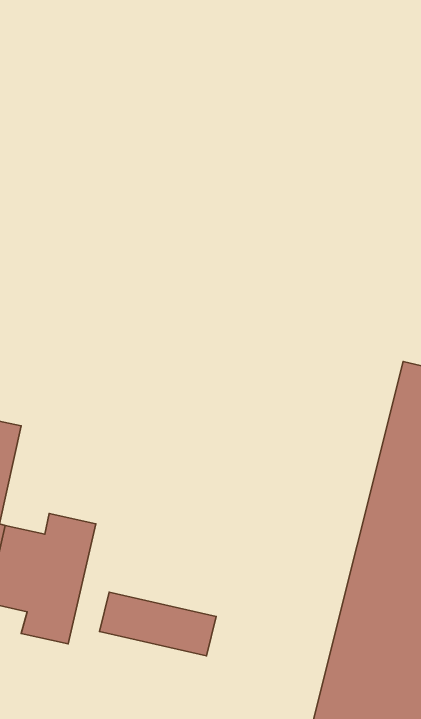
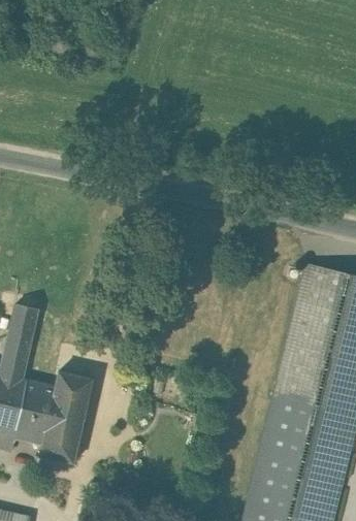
building: [99,592,216,656] -> none

